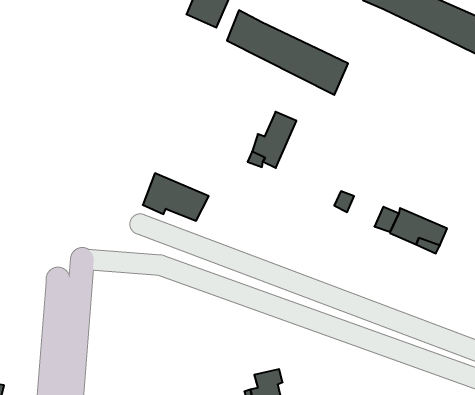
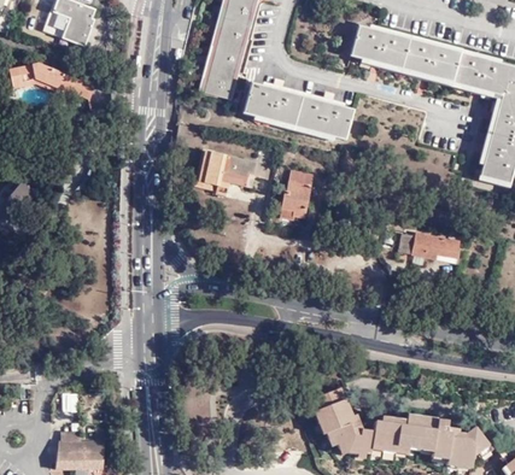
building: [143,173,209,221] -> [199,147,254,182]

